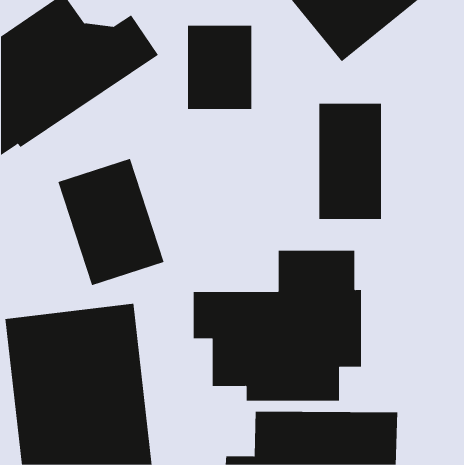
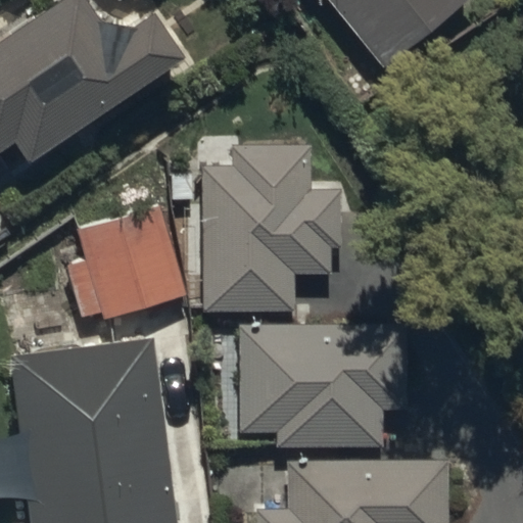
building: [188,25,252,110] -> none
building: [319,103,381,220] -> none
building: none -> [202,145,341,312]

